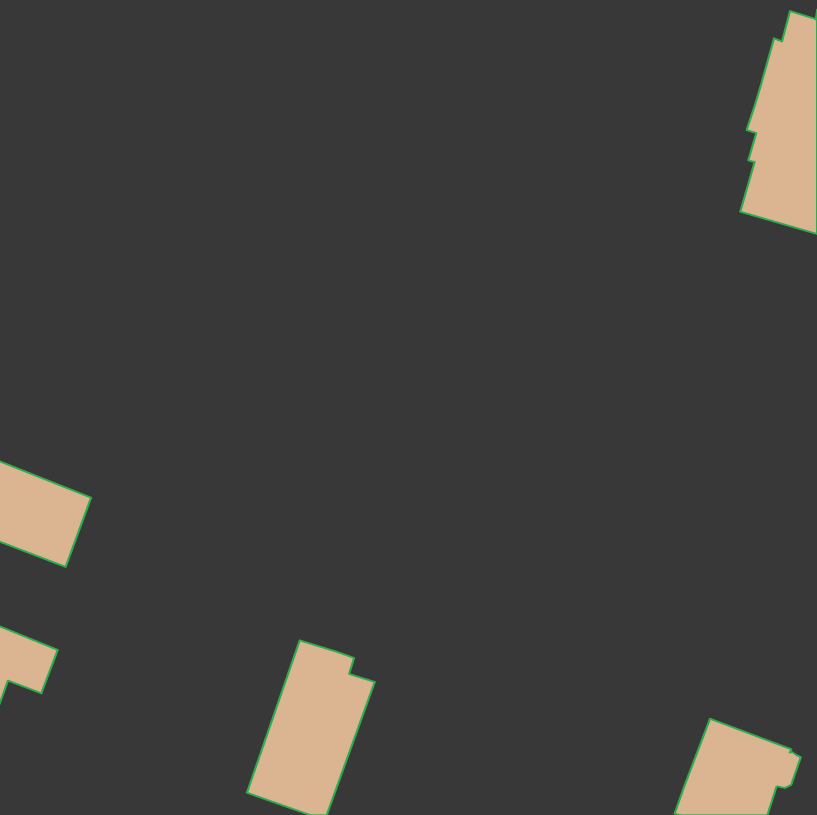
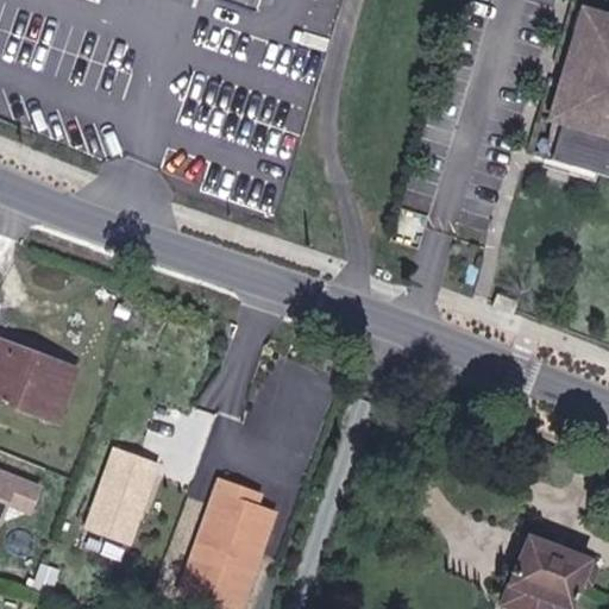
building: none -> [87,444,161,541]

